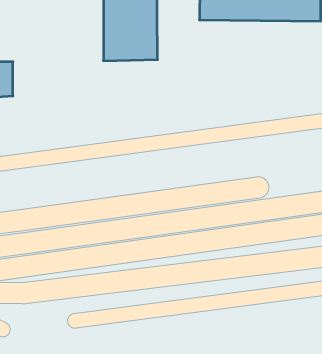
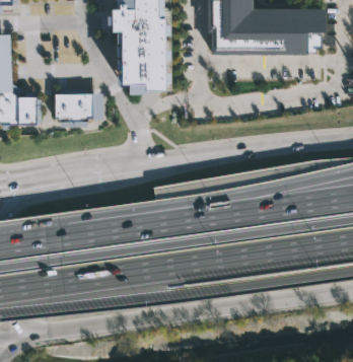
building: none -> [56,93,103,127]

